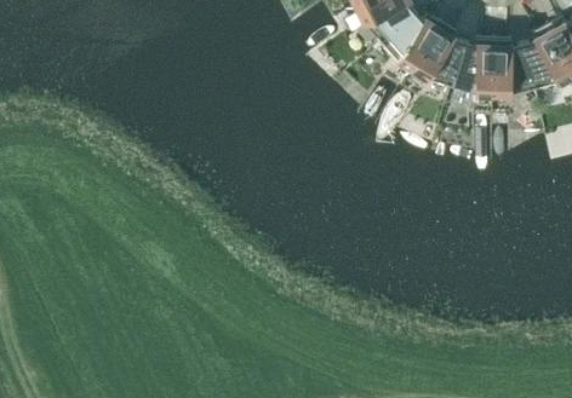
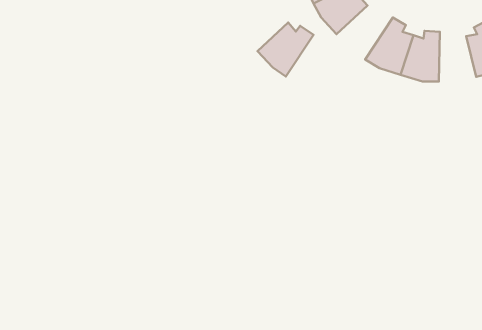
building: [379,8,441,68] -> [257,23,313,76]
building: [492,38,533,93] -> none

